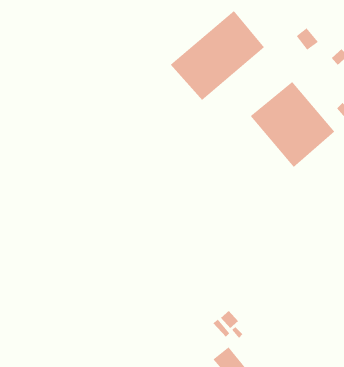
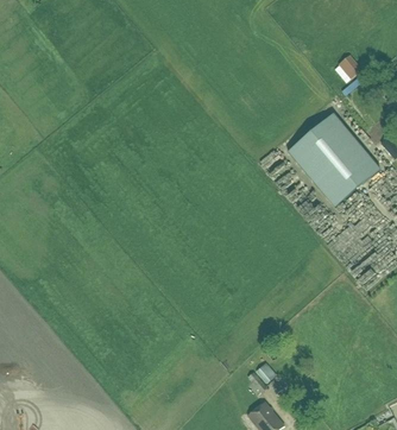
building: [170,10,265,101] -> none

